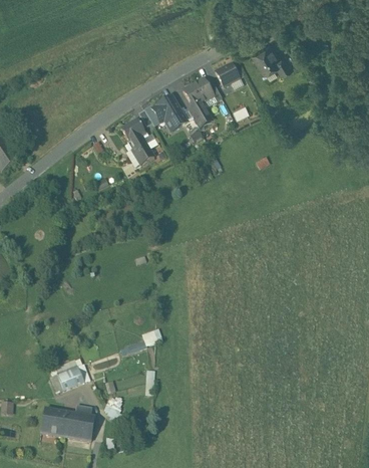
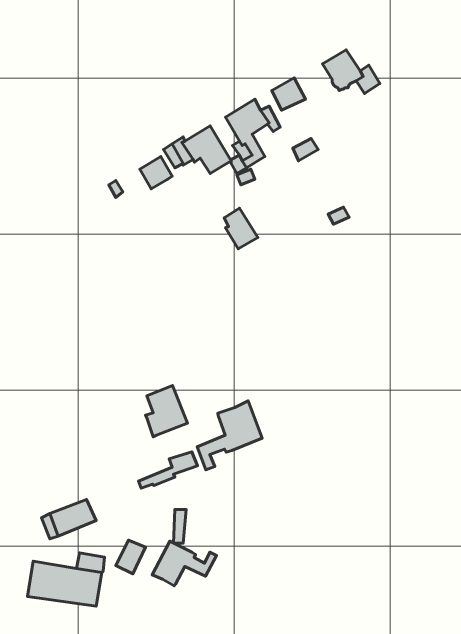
building: [130,136,154,165] -> [224,208,258,249]
building: none -> [145,385,187,437]
building: none -> [197,401,262,470]
building: none -> [152,541,216,586]

